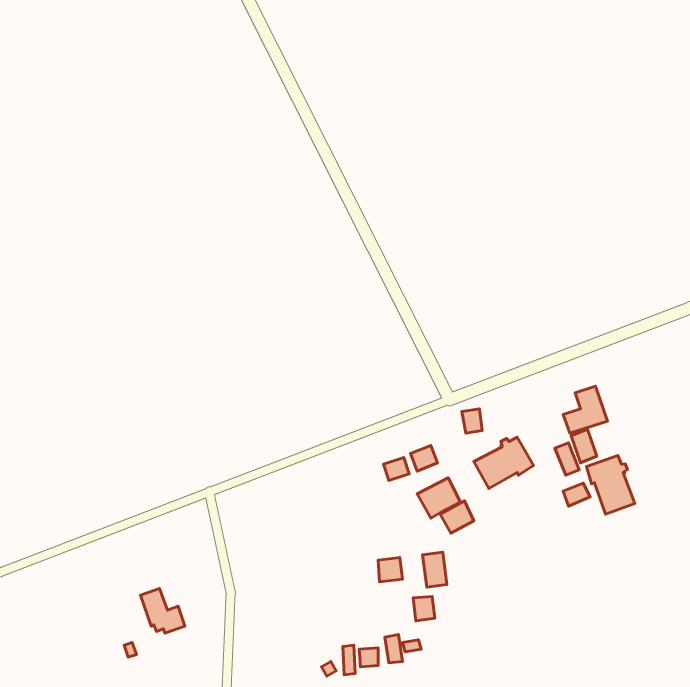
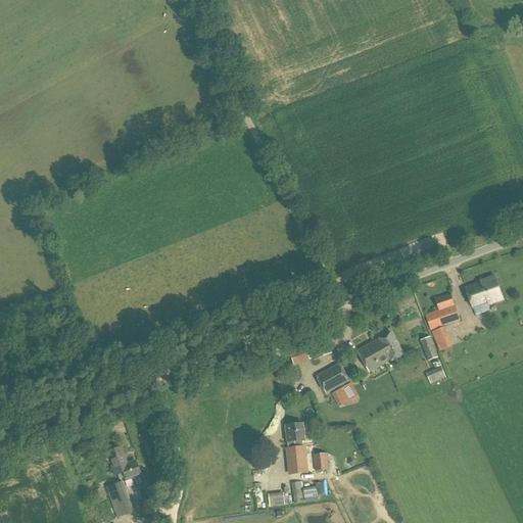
building: none -> [465,275,503,307]
building: [586,456,635,514] -> none
building: [423,552,447,587] -> [288,445,306,472]
building: none -> [106,480,133,516]

